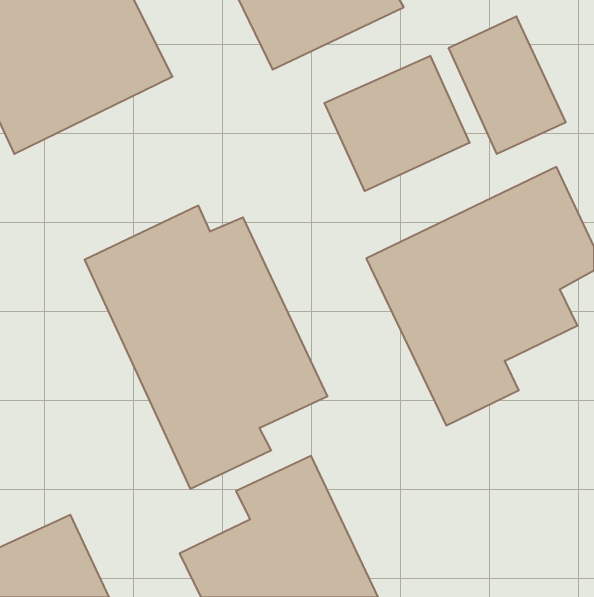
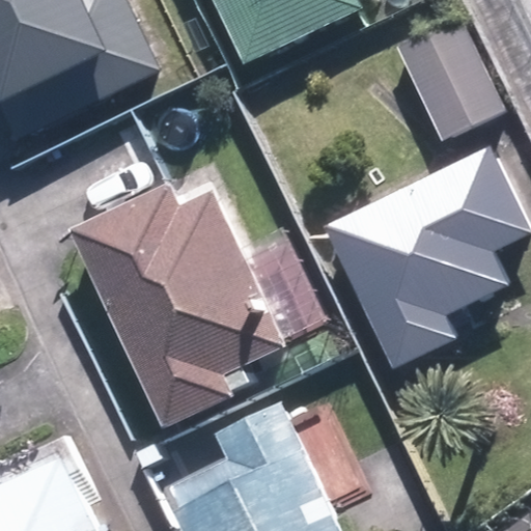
building: [324,56,470,191] -> none

